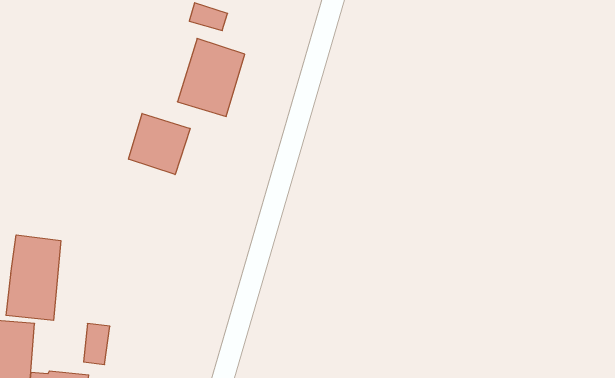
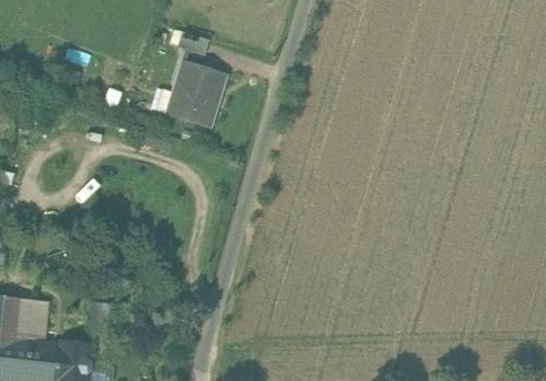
building: [129,113,190,175] -> none
building: [6,235,61,320] -> none

